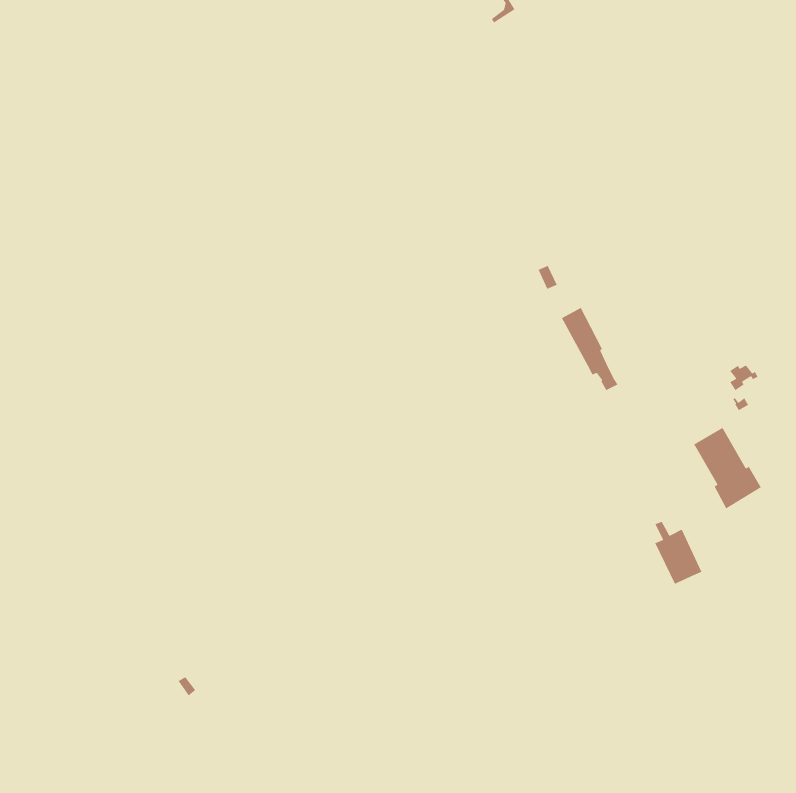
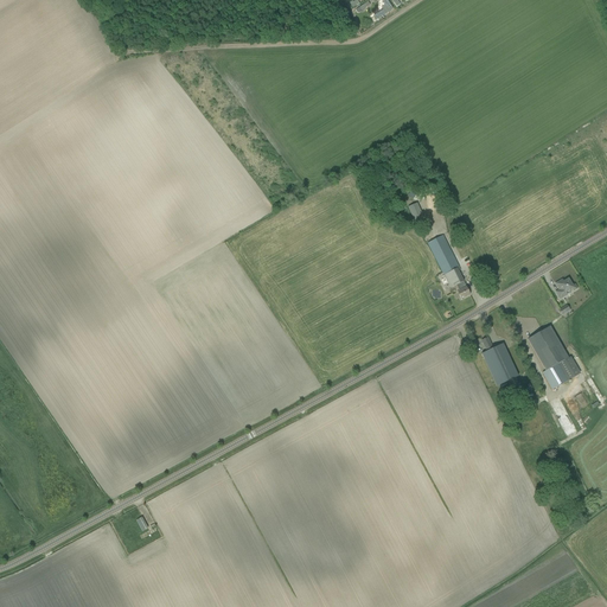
building: [654,521,703,585] -> [481,336,518,384]

